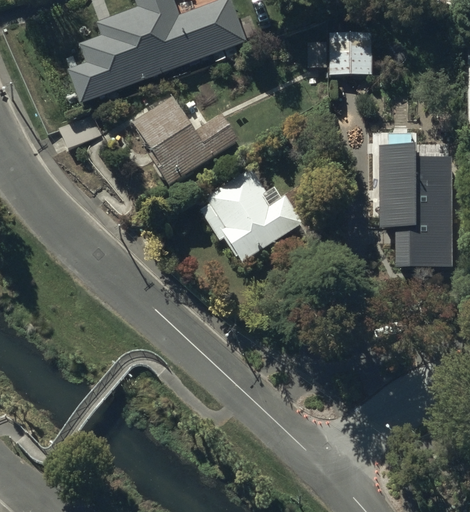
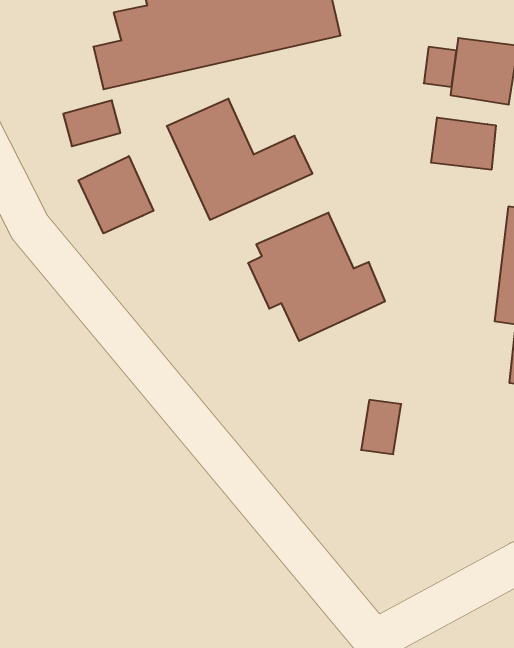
building: none -> [431,117,496,170]
building: none -> [78,156,153,233]

